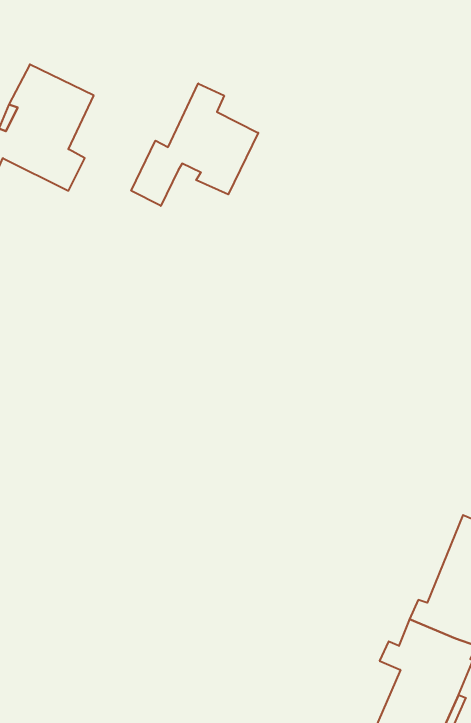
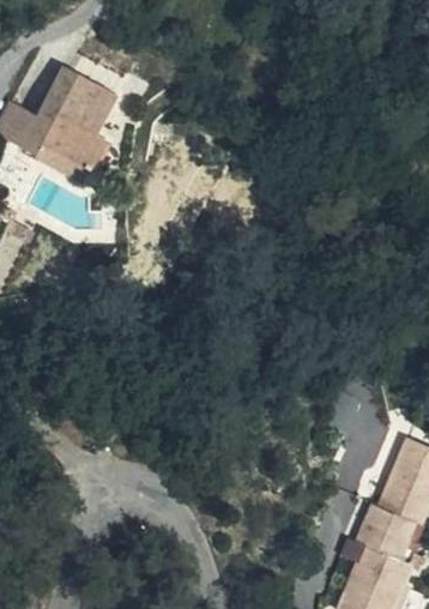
building: [131,83,258,206] -> none

